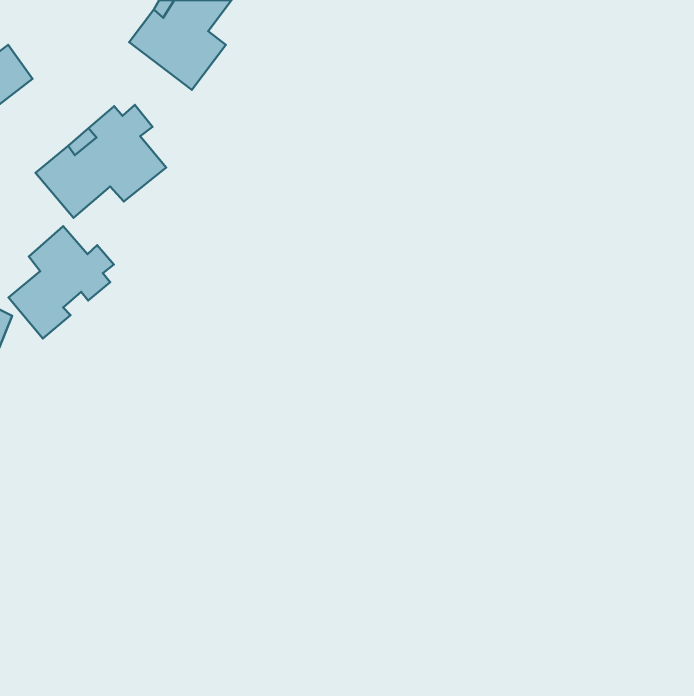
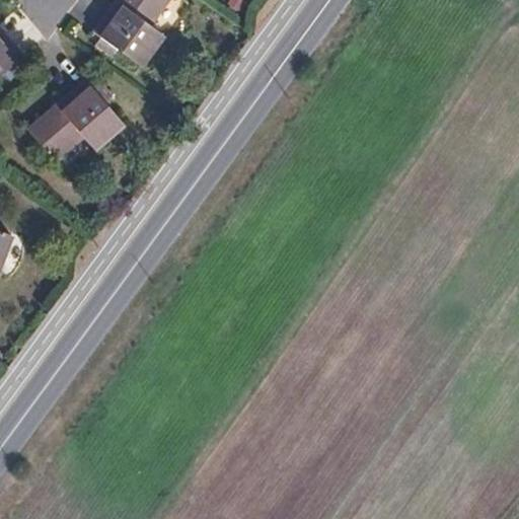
building: [9,226,114,339] -> none

